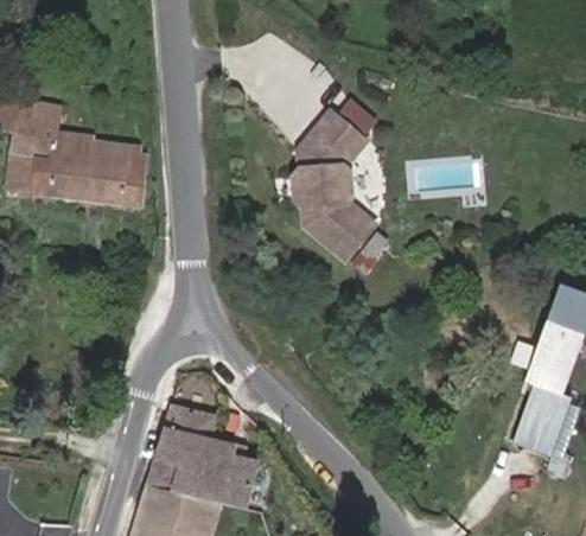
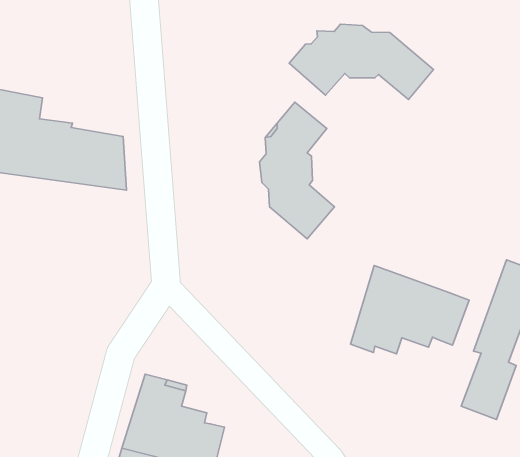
building: none -> [289,24,434,100]
building: none -> [351,266,469,354]

